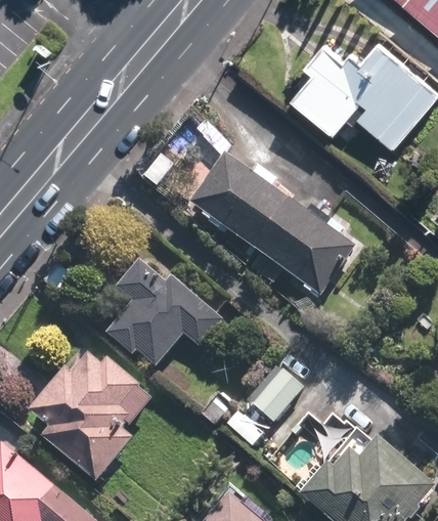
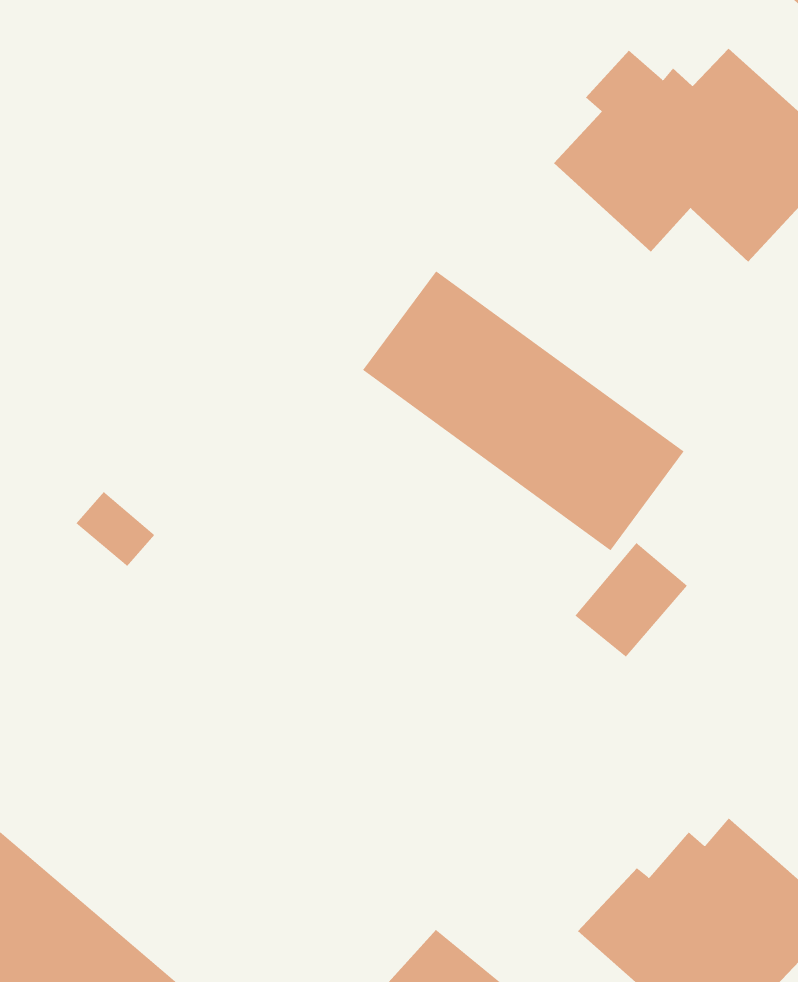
building: [105,253,224,367] -> none
building: [29,351,155,482] -> none
building: [243,364,301,424] -> [574,542,688,657]

